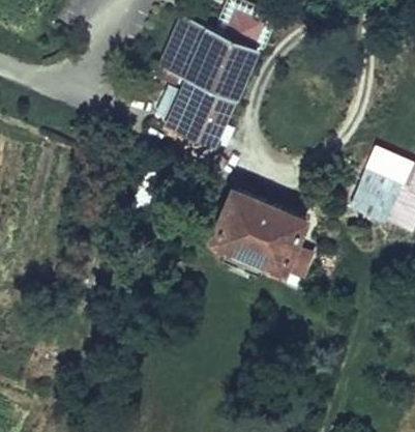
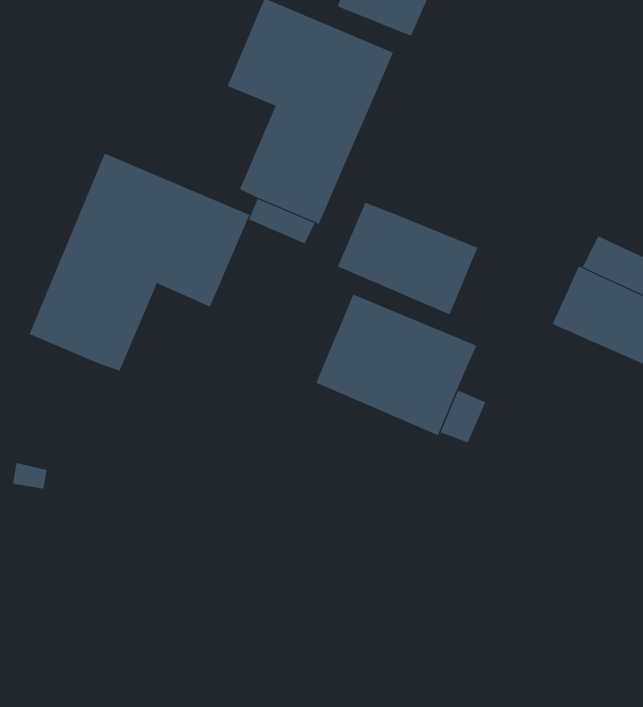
building: none -> [29,153,250,372]
building: none -> [337,202,478,315]

